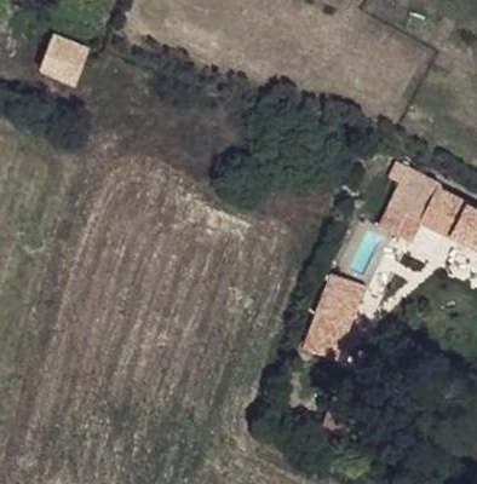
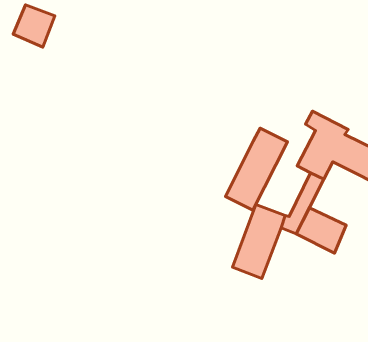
building: none -> [225,128,287,210]
building: none -> [296,208,346,253]

